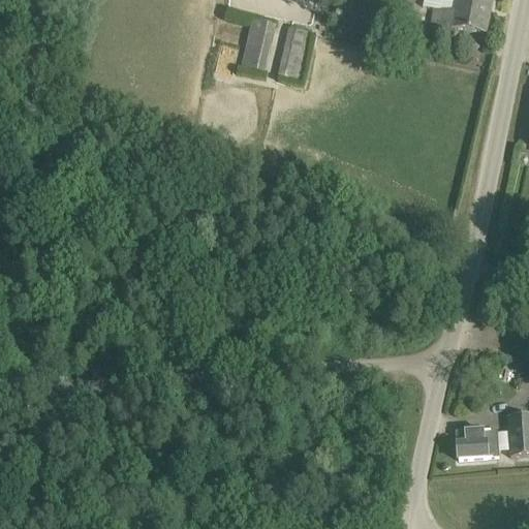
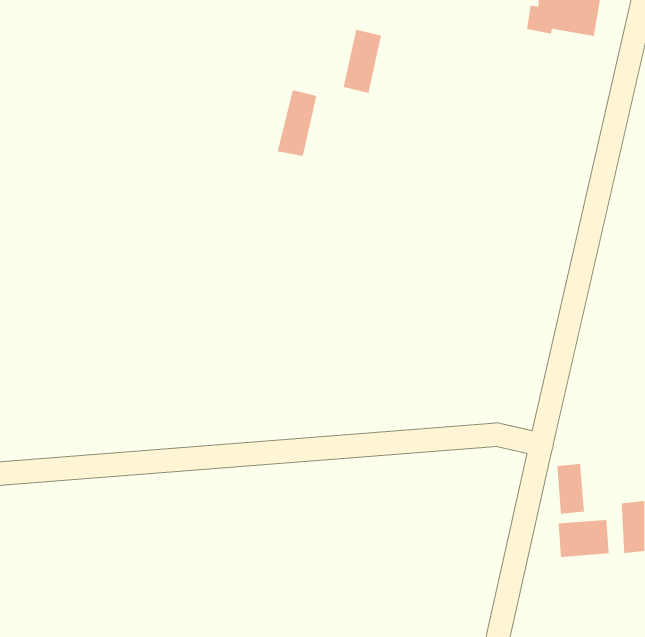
building: [240,15,273,70] -> [277,90,317,157]
building: none -> [557,463,584,514]

